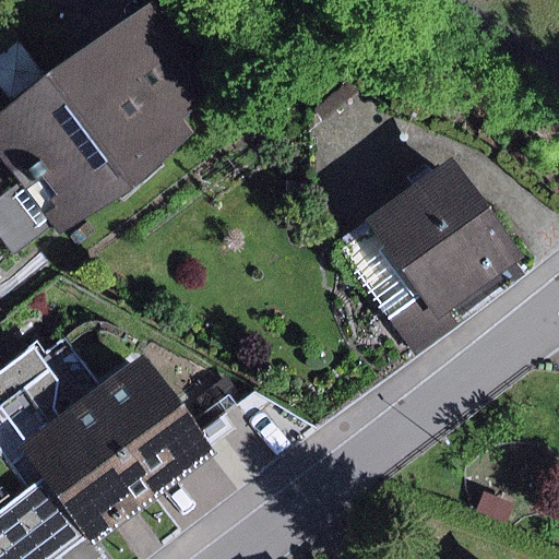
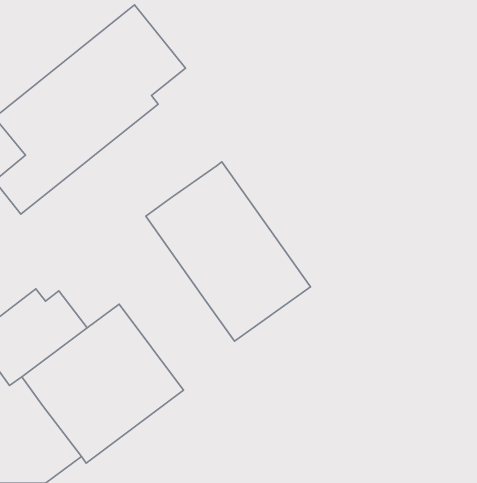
building: [353,166,508,311] -> none
building: none -> [146,162,310,341]

